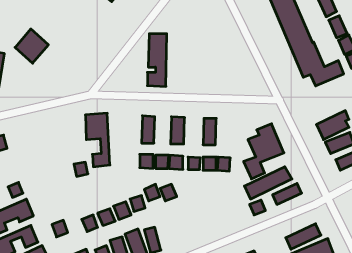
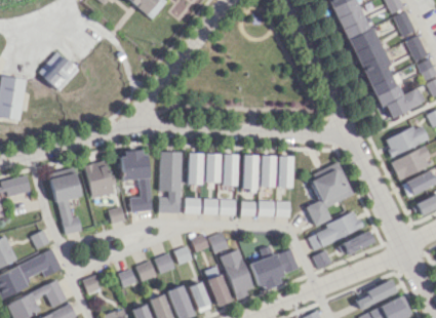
building: [147,34,167,86] -> [159,151,182,212]
building: none -> [386,123,429,156]
building: none -> [205,153,220,182]
building: none -> [242,154,257,190]
building: none -> [277,156,293,187]
building: none -> [86,161,116,196]
building: none -> [52,172,82,234]
building: none -> [251,247,299,289]
building: none -> [221,248,255,297]
building: none -> [207,274,232,306]

